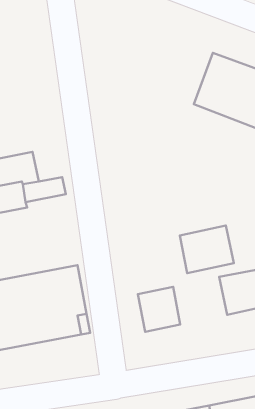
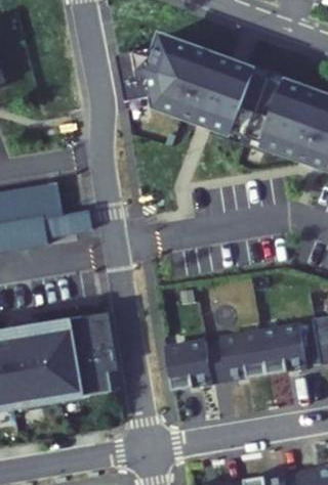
building: none -> [113,30,258,128]
building: [180,226,234,273] -> [213,324,275,379]

